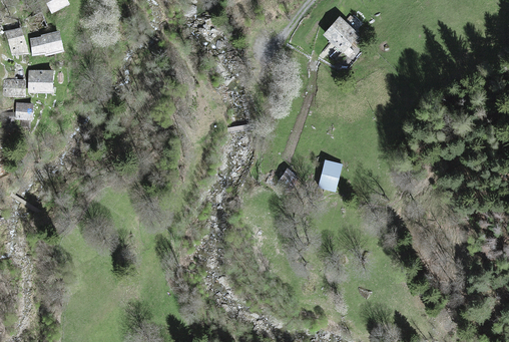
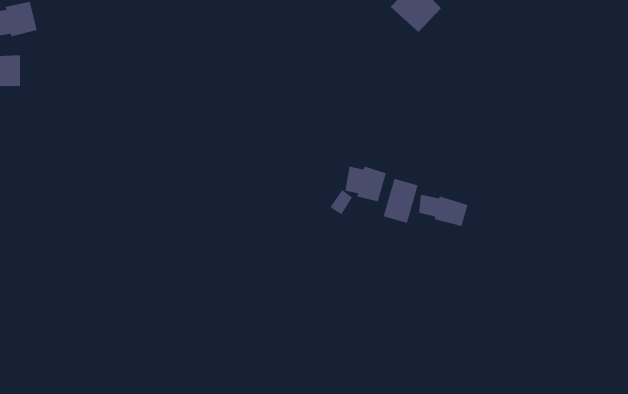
building: none -> [345,166,387,202]
building: none -> [418,194,468,227]

